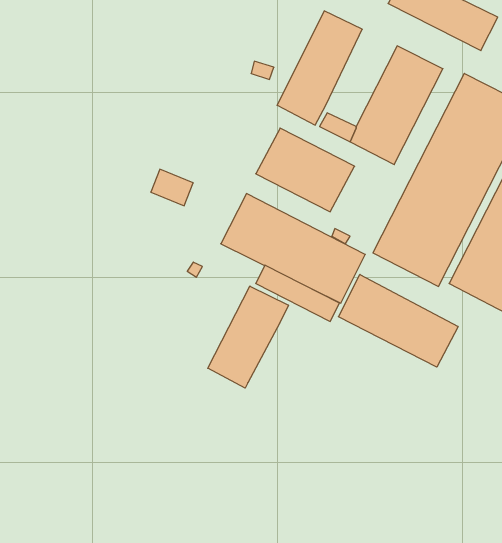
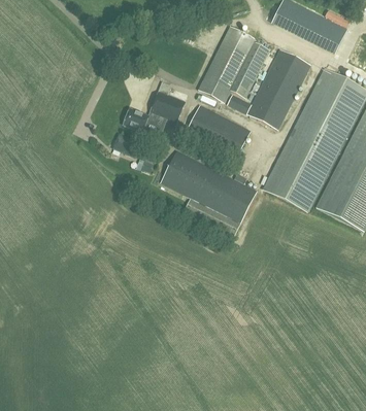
building: none -> [231,41,269,96]
building: none -> [123,81,185,132]
building: [338,274,458,367] -> none
building: [208,286,288,388] -> none

